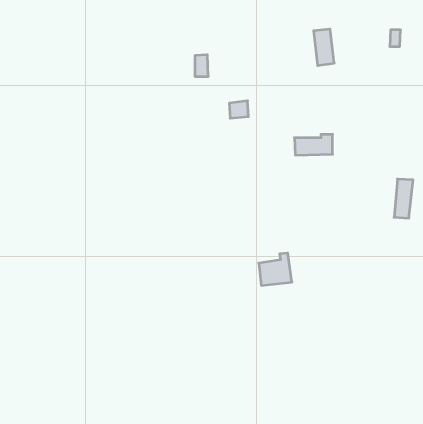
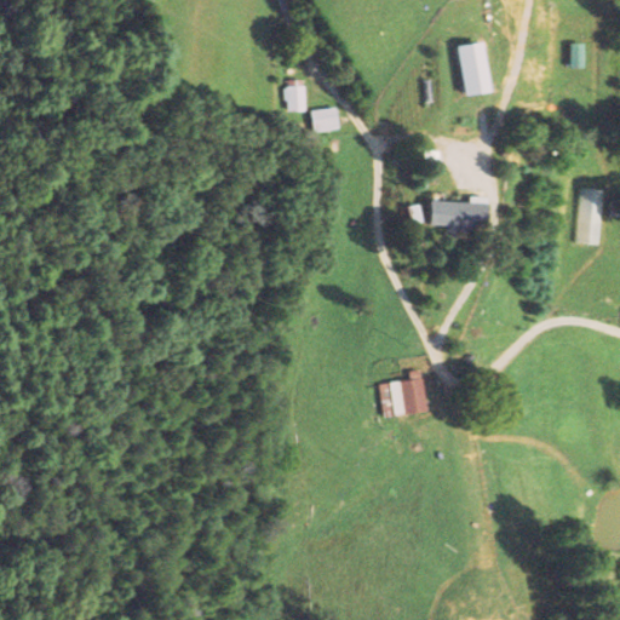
building: [229,101,248,118] -> [311,107,339,132]
building: [394,179,413,218] -> [576,188,604,245]

